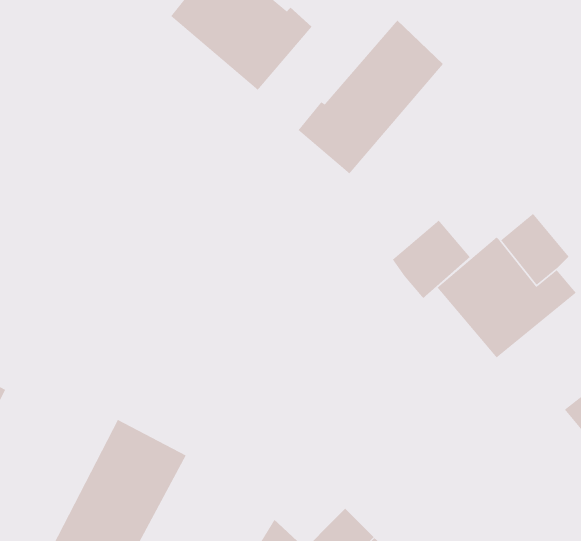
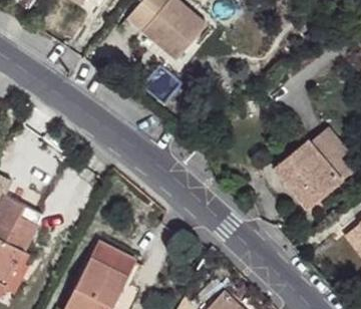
building: [297,20,444,174] -> none
building: [392,220,471,299] -> none

